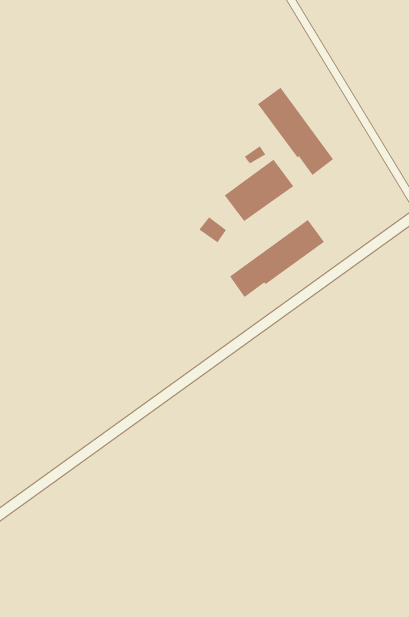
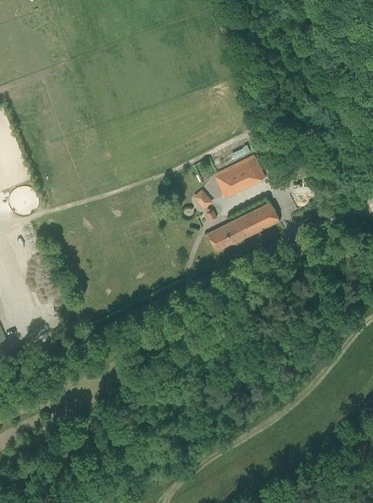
building: [257,87,334,176] -> none

